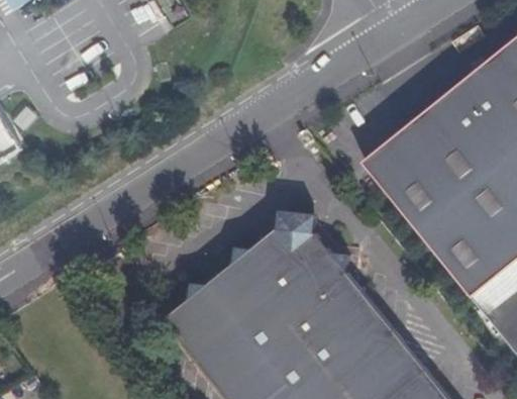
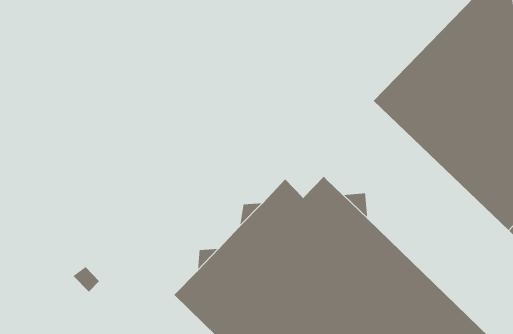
building: [278,211,318,247] -> none

